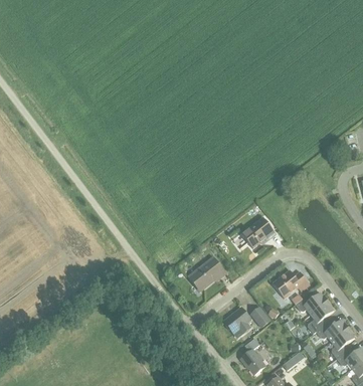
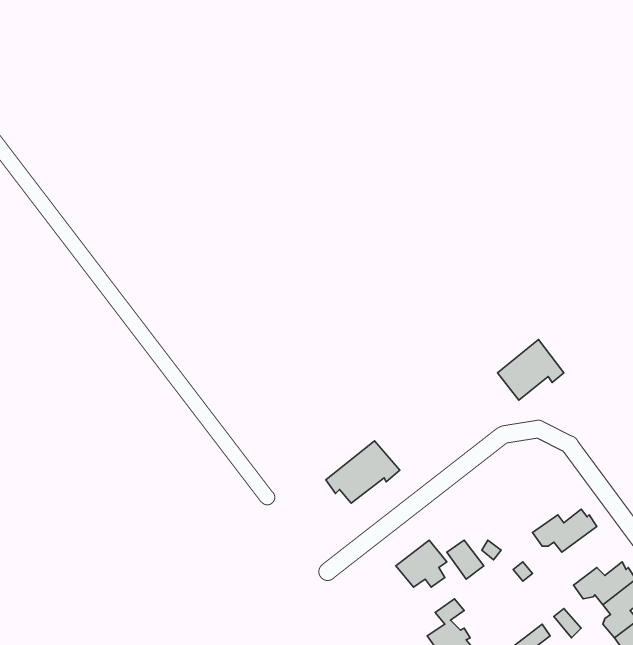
building: [241,216,276,247] -> [498,340,564,400]
building: [273,269,310,298] -> none
building: [308,301,334,333] -> none

